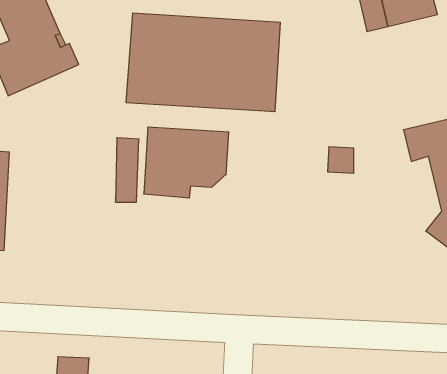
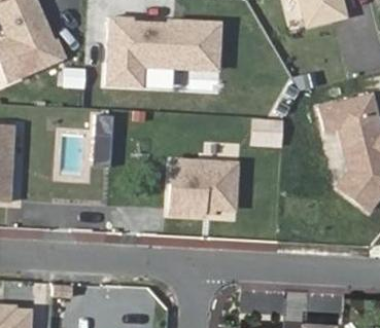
building: [144,127,229,198] -> [170,160,237,216]

